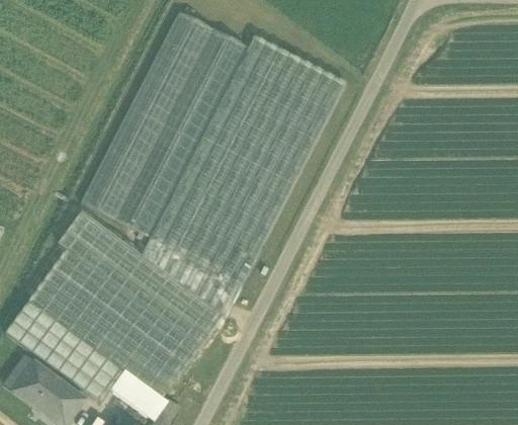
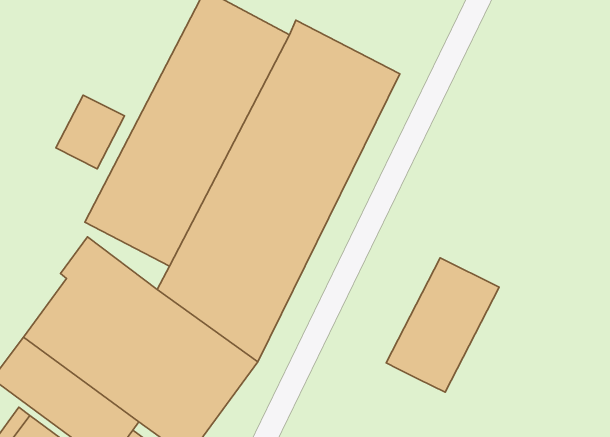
building: none -> [56,95,124,169]
building: none -> [386,258,499,392]

